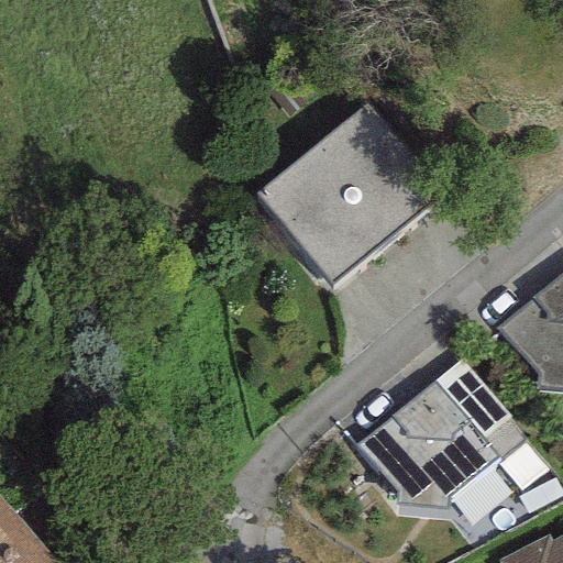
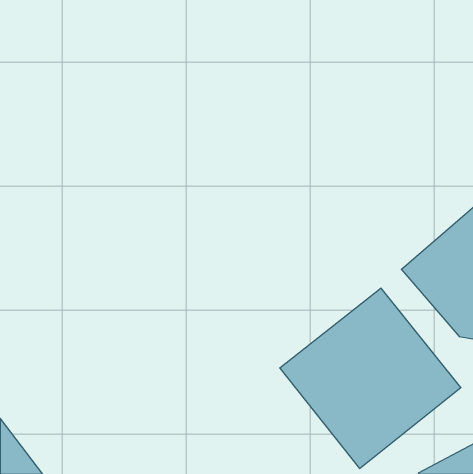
building: [263,108,460,302] -> none

